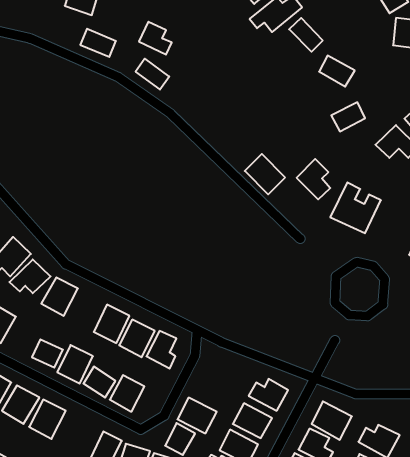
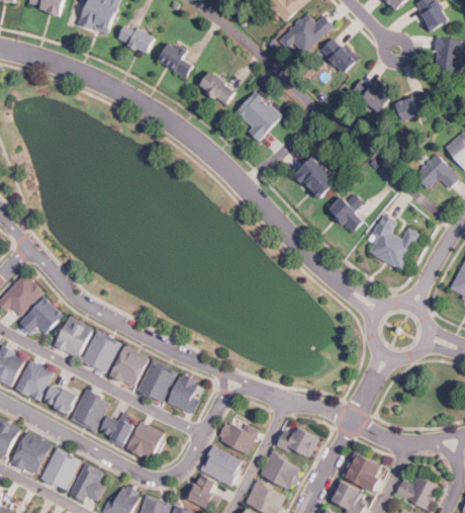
building: [80,29,116,57] -> [116,23,155,54]
building: [136,59,169,90] -> [198,71,235,104]
building: none -> [235,90,281,141]
building: [331,102,365,131] -> [394,90,431,121]
building: [245,154,285,194] -> [294,156,338,199]
building: none -> [80,332,120,373]
building: none -> [14,360,53,401]
building: none -> [217,416,258,454]
building: none -> [69,463,103,506]

